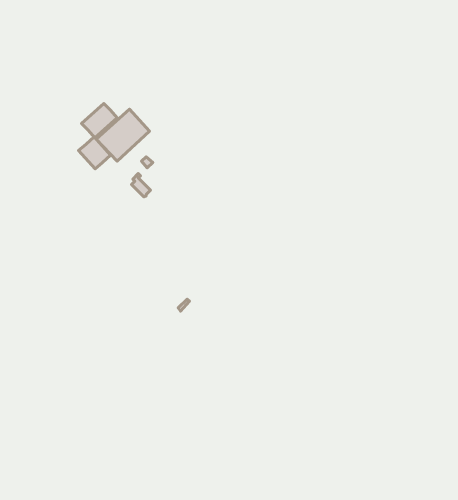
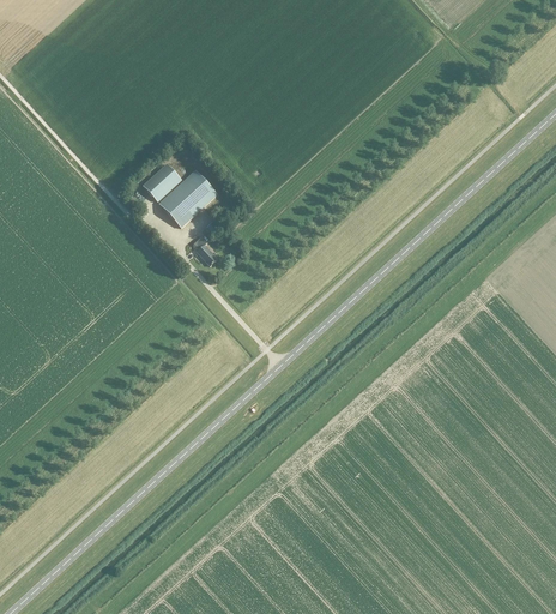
building: [79,137,110,169] -> none

